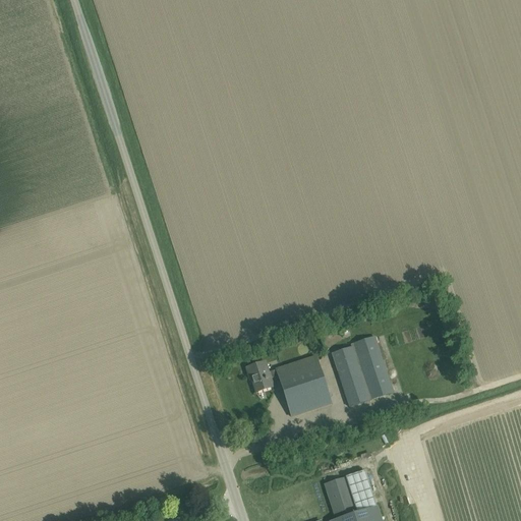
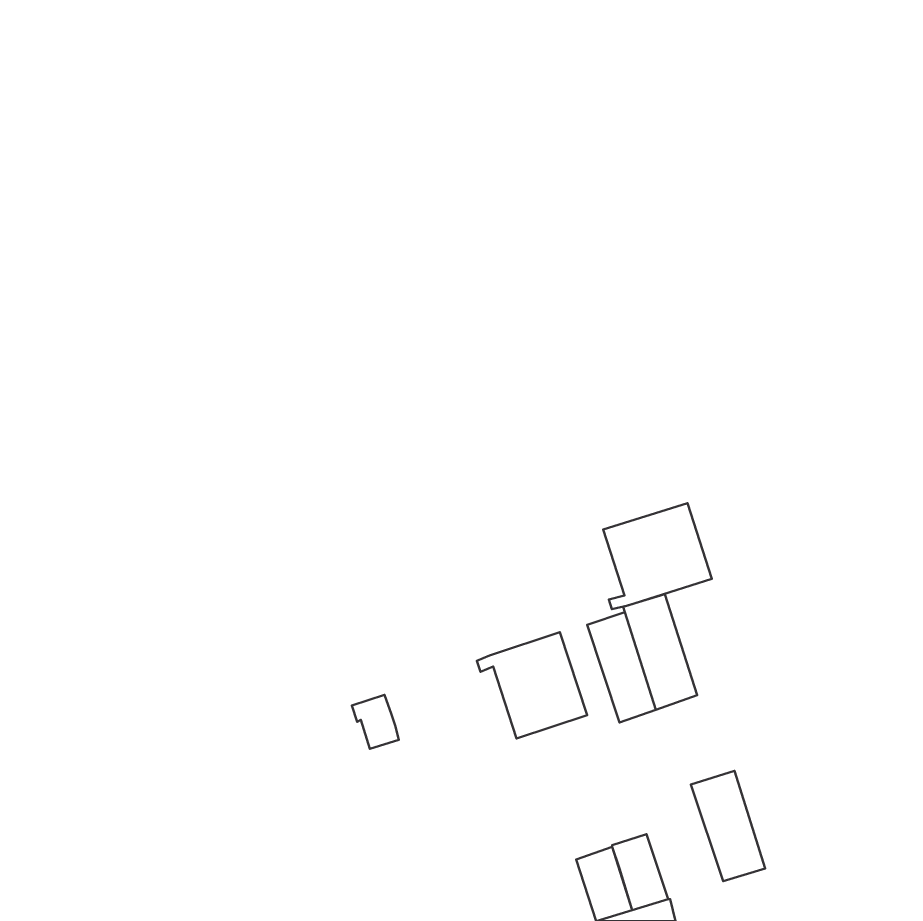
building: none -> [603,503,712,609]
building: [246,361,273,392] -> [352,695,399,749]
building: none -> [691,771,765,881]

